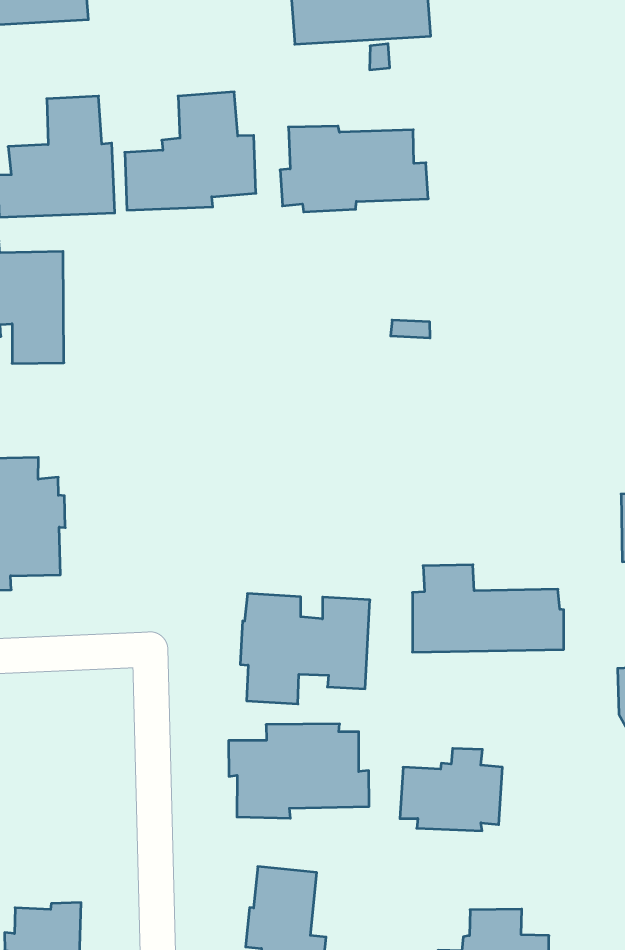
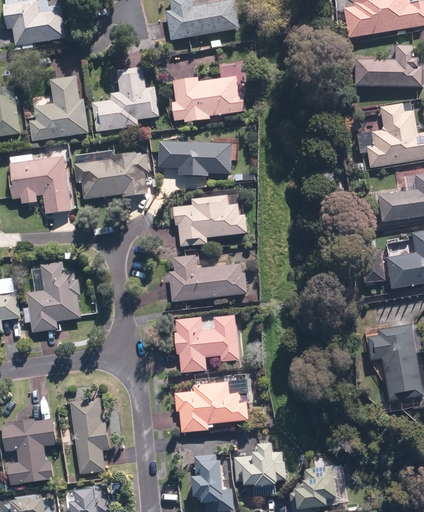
building: none -> [157,137,237,176]
building: none -> [74,152,148,199]
building: none -> [172,196,247,245]
building: [412,565,564,652] -> [167,255,246,302]
building: none -> [70,397,111,473]
building: [400,748,502,831] -> [233,443,284,486]

